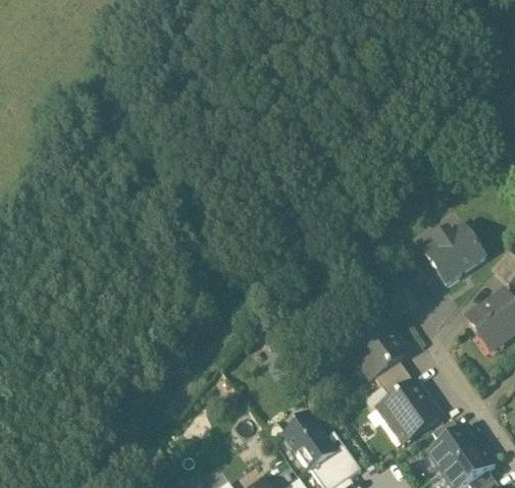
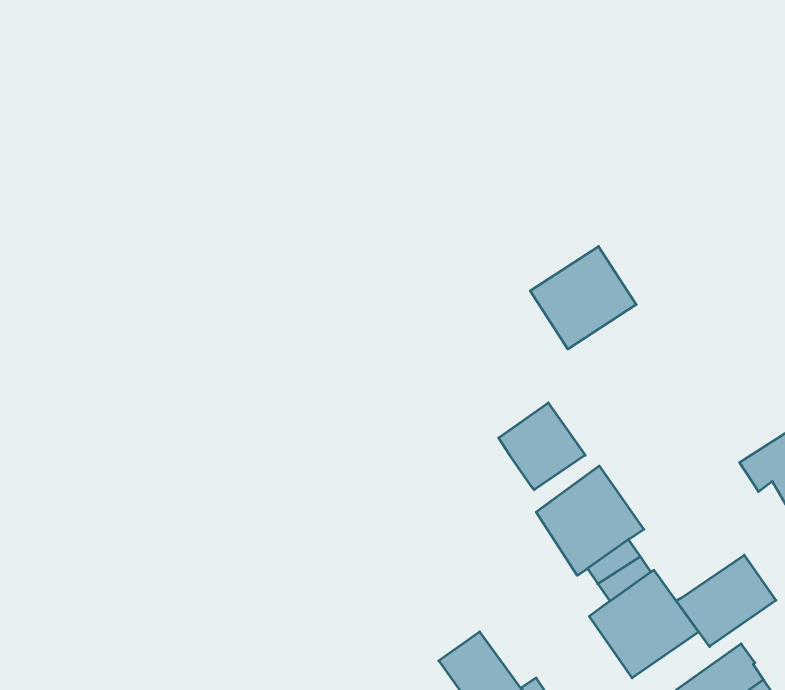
building: [421,221,484,282] -> [530,246,636,349]
building: none -> [499,403,585,490]
building: none -> [676,555,776,647]

